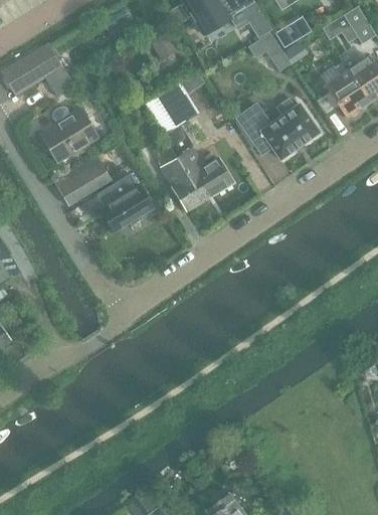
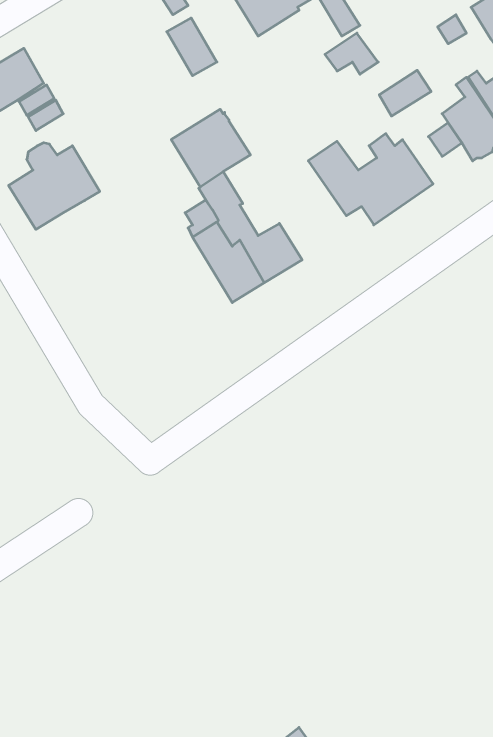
building: [275,17,310,47] -> [379,70,431,116]
building: [52,152,119,205] -> none
building: [97,173,149,231] -> none

